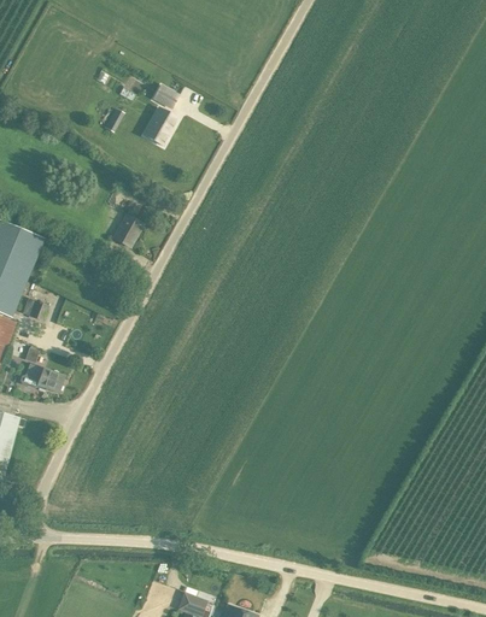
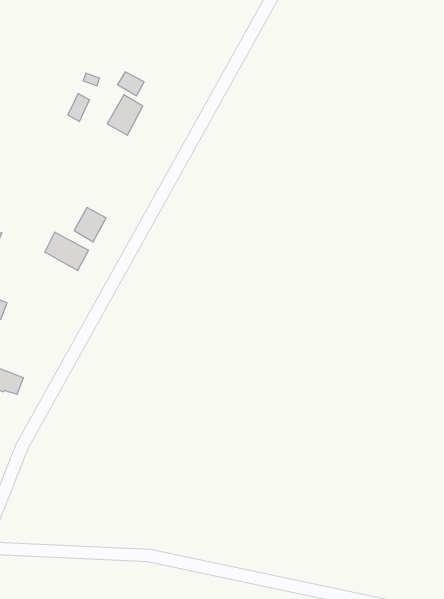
building: none -> [45,232,88,271]

